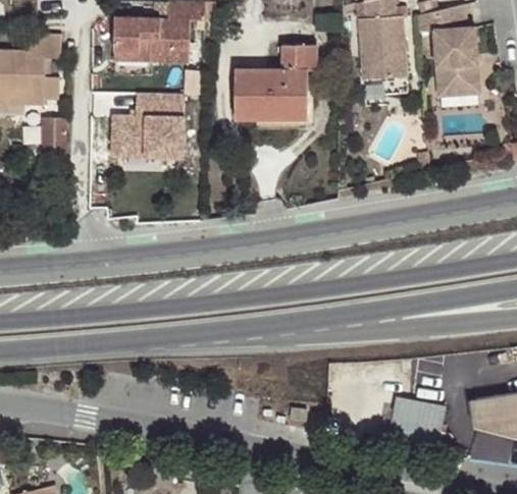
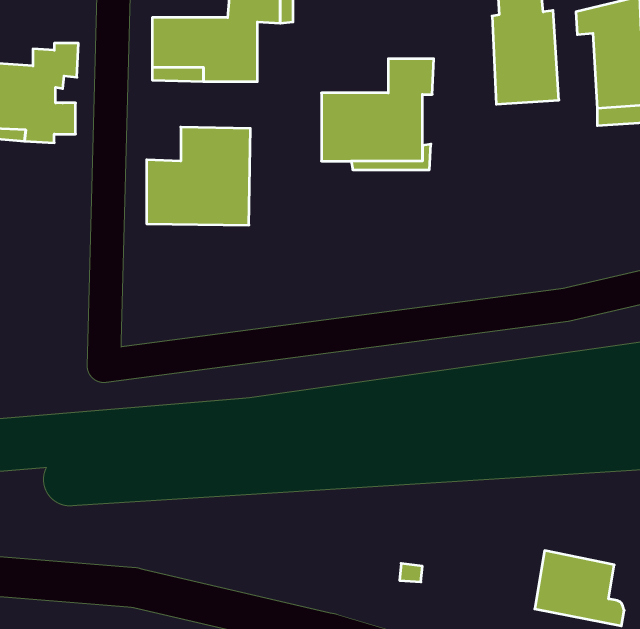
building: [41,115,71,156] -> none

